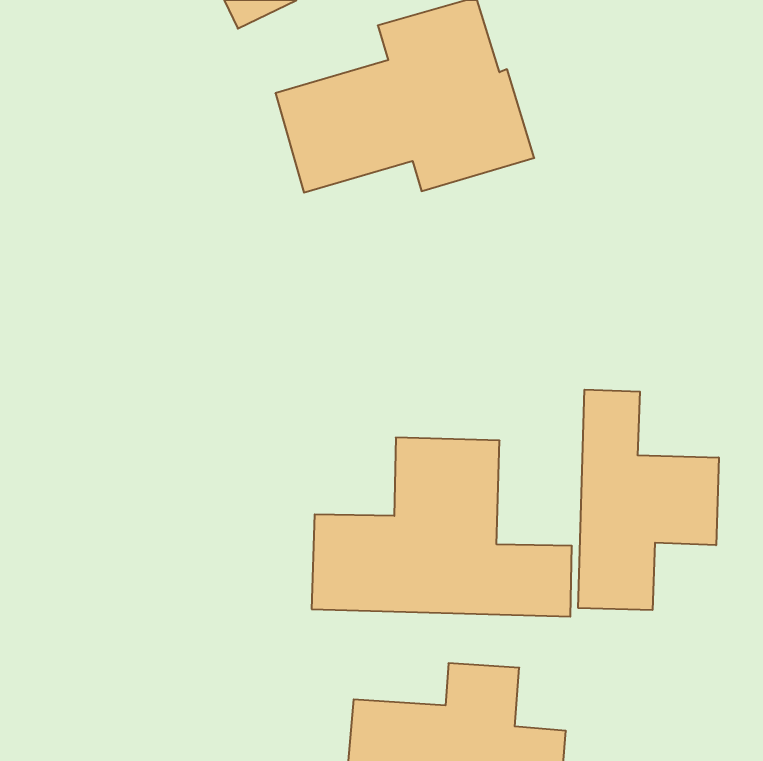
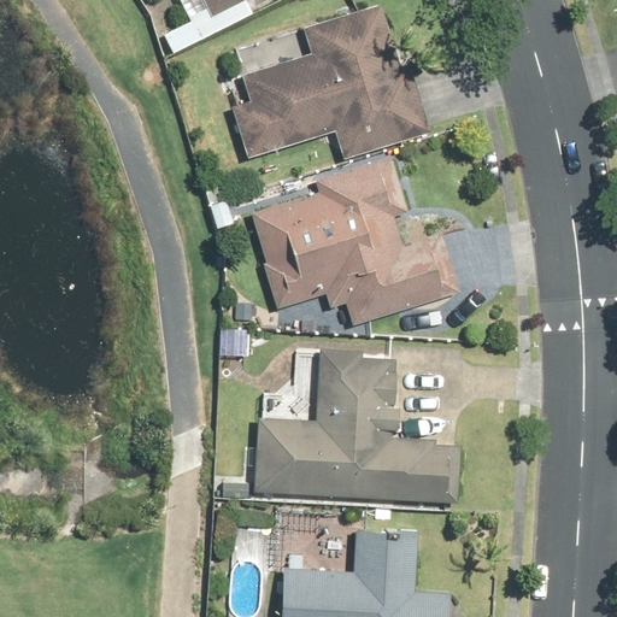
building: none -> [247,153,454,329]
building: [578,390,719,610] -> none

